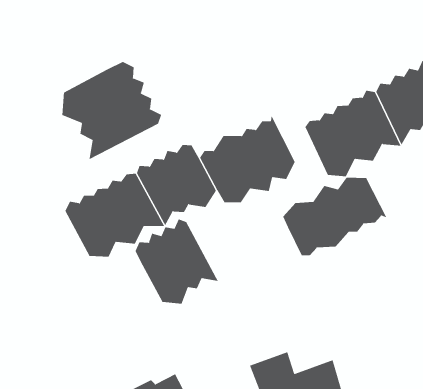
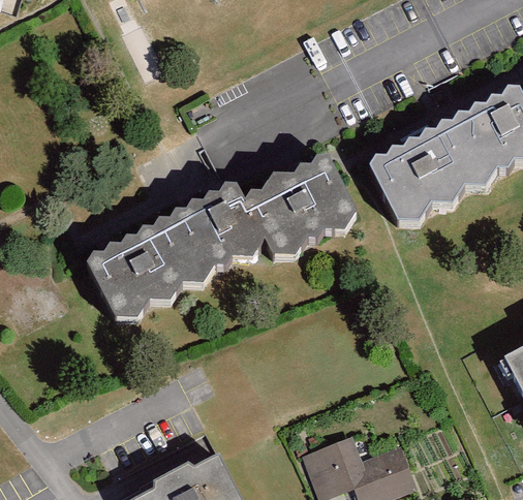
building: [62,61,162,160] -> none
building: [283,177,388,256] -> none
building: [135,218,219,305] -> none

